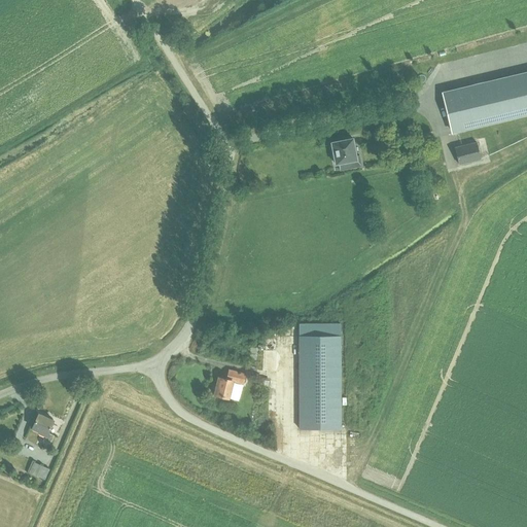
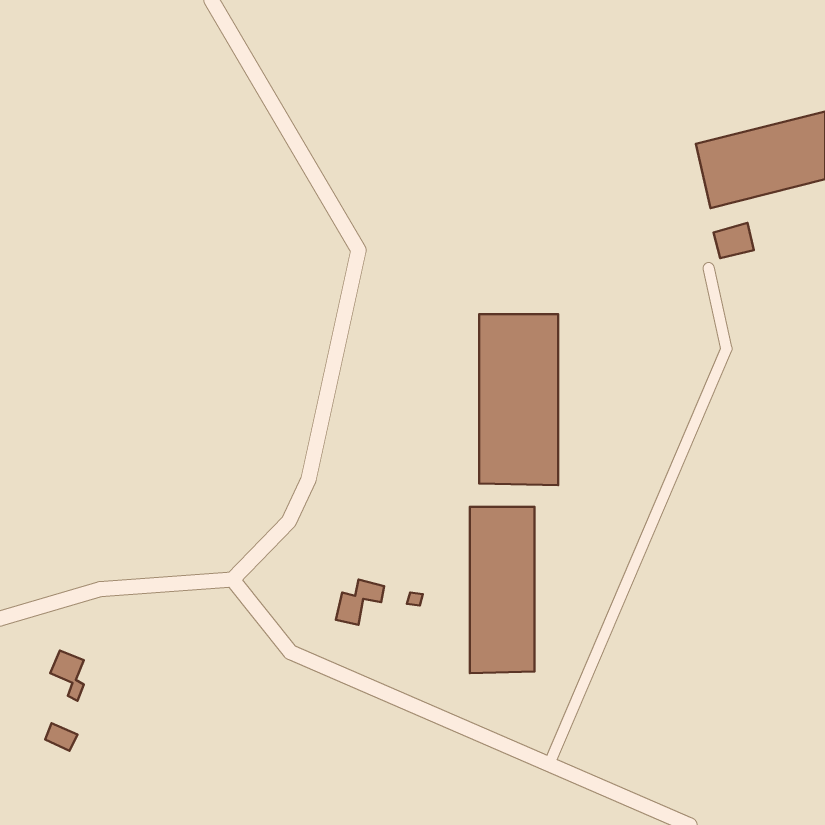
building: [331,138,361,170] -> none
building: none -> [479,314,558,485]

